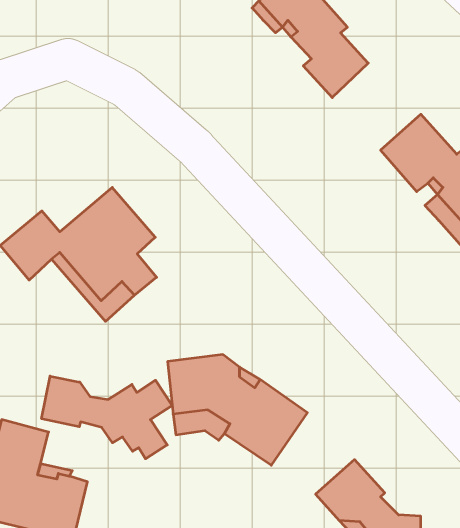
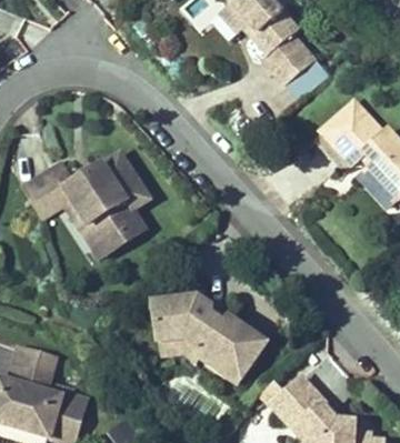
building: [42,376,172,459] -> none

